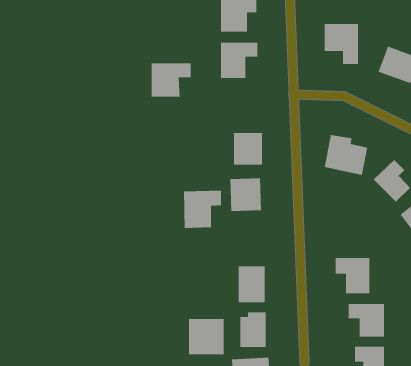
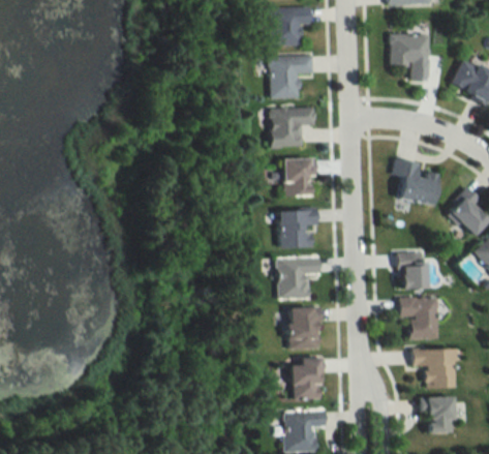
building: [151,62,192,98] -> [271,108,316,147]
building: [183,190,222,229] -> [277,255,320,299]
building: none -> [398,251,429,286]
building: [188,318,224,355] -> none

